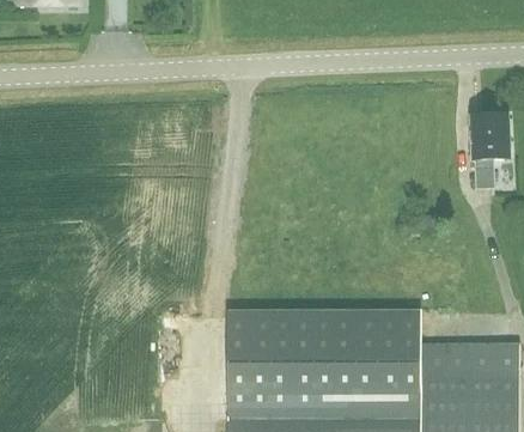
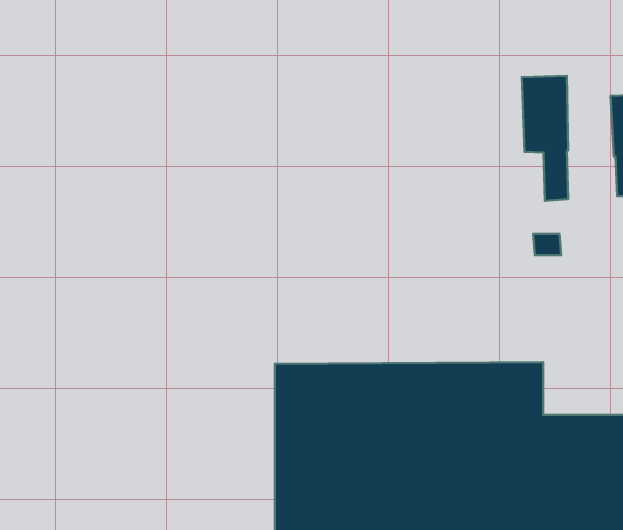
building: none -> [522,76,568,201]

